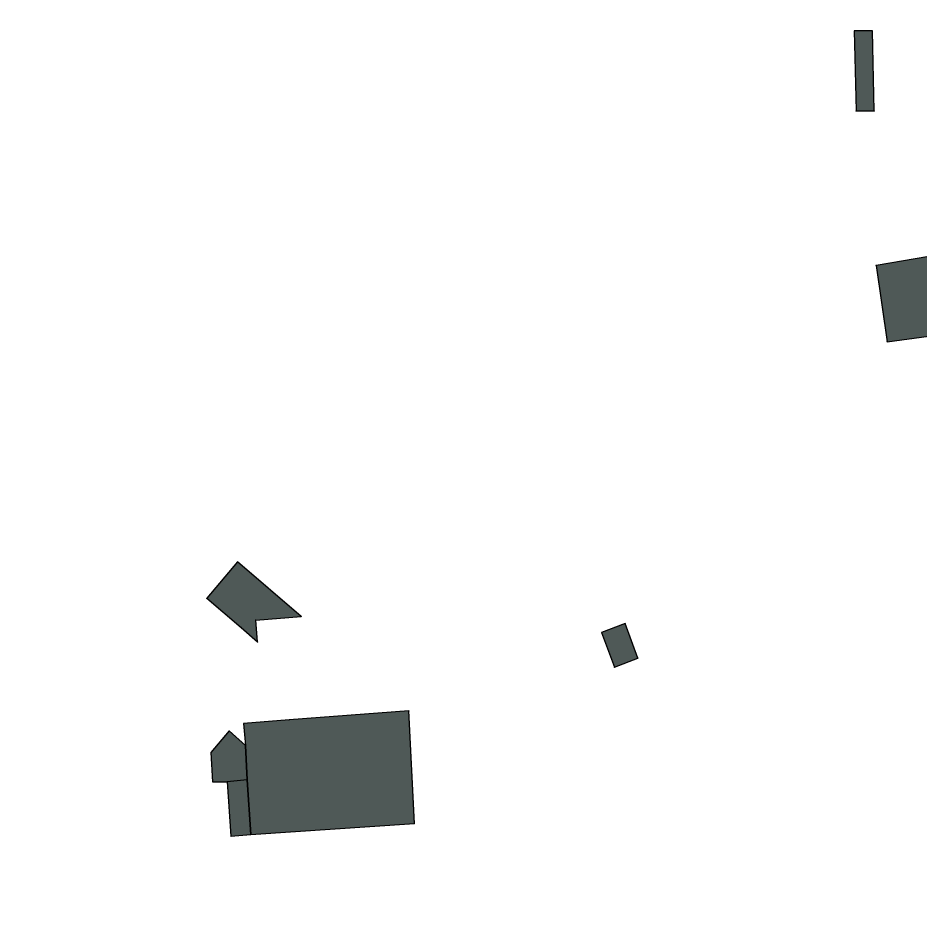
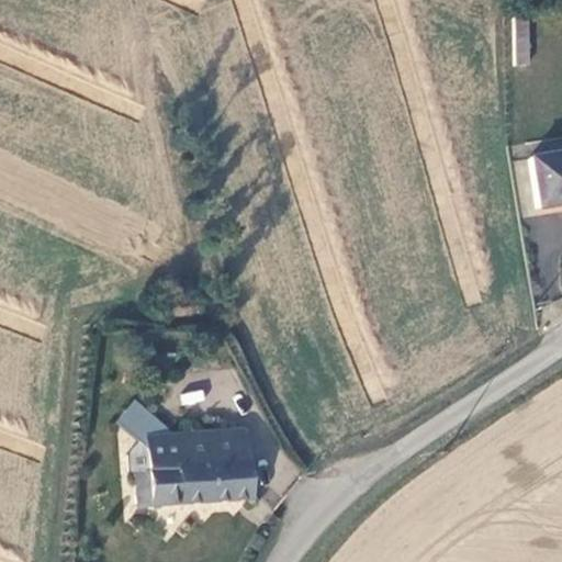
building: [207,562,301,642] -> [119,402,176,450]

